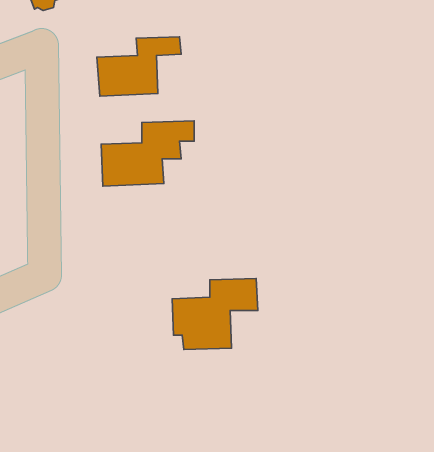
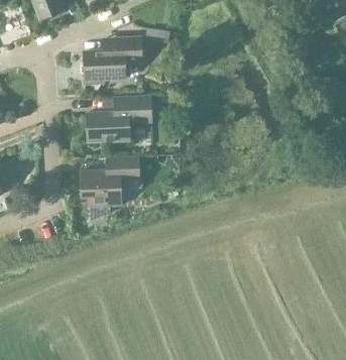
building: [172,278,258,350] -> [81,156,140,206]

